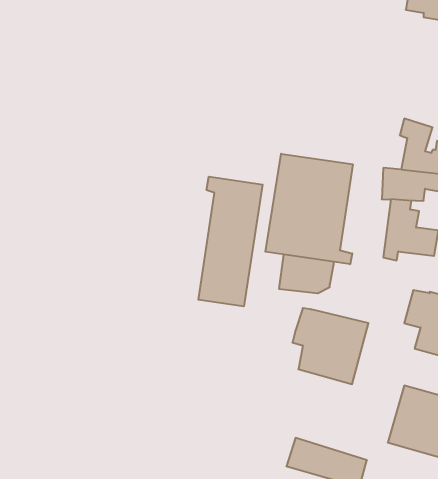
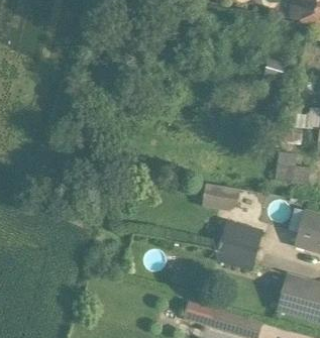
building: [265,154,353,264] -> none
building: [198,177,263,306] -> none

